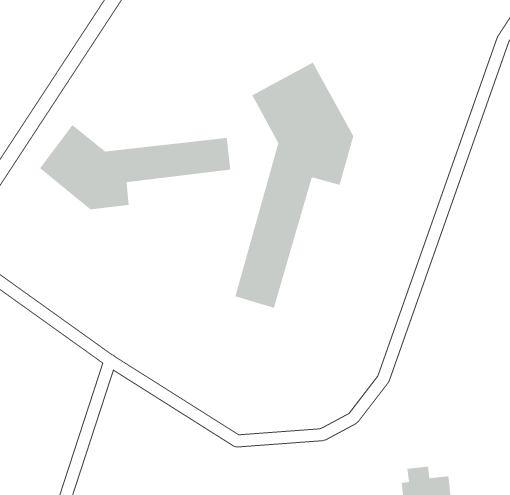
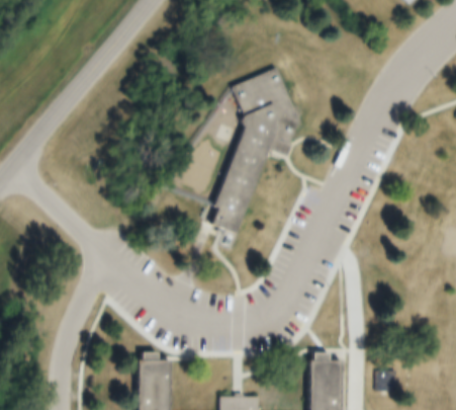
building: [39,124,231,210] -> none

